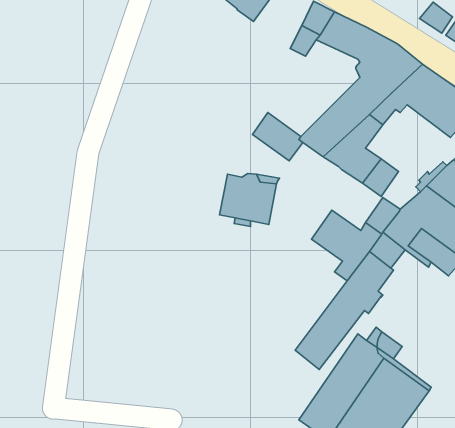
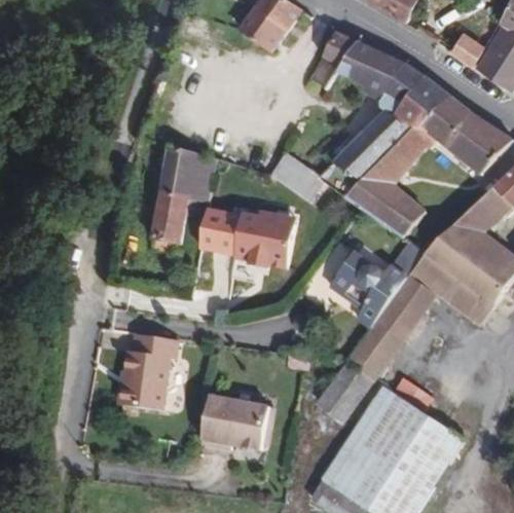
building: none -> [152,145,217,244]
building: none -> [203,207,238,253]
building: none -> [119,331,183,410]
building: none -> [199,395,267,449]

